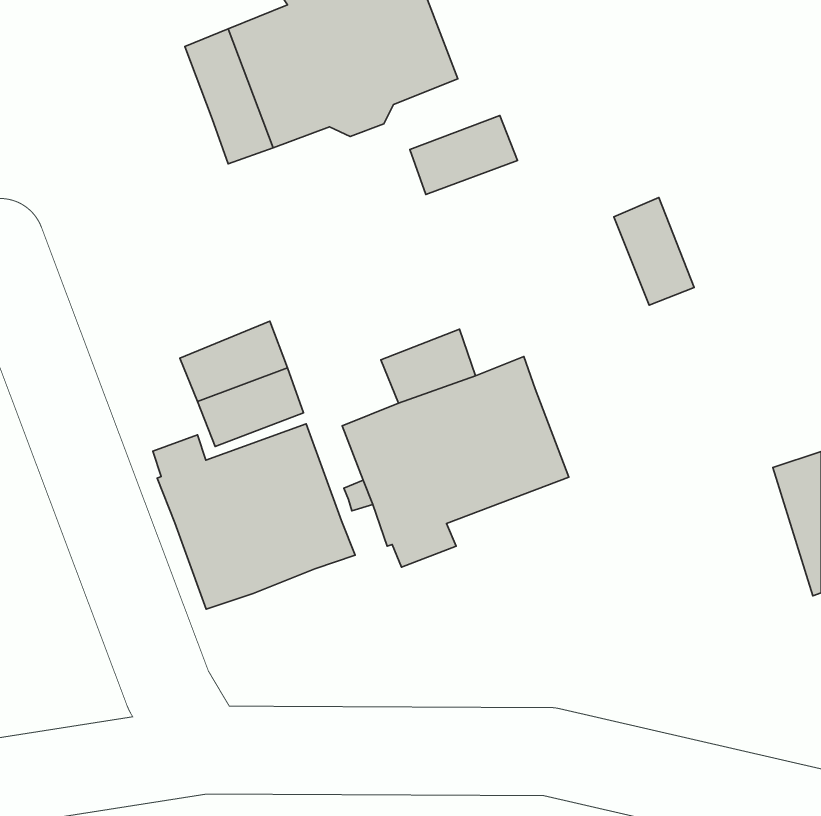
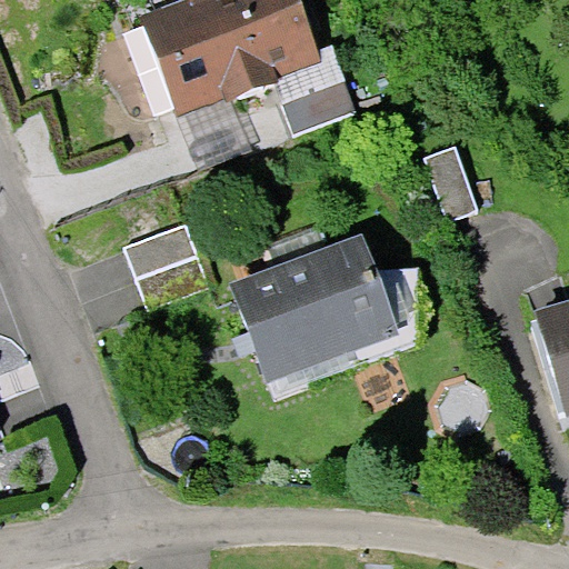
building: [153,424,355,609] -> none

